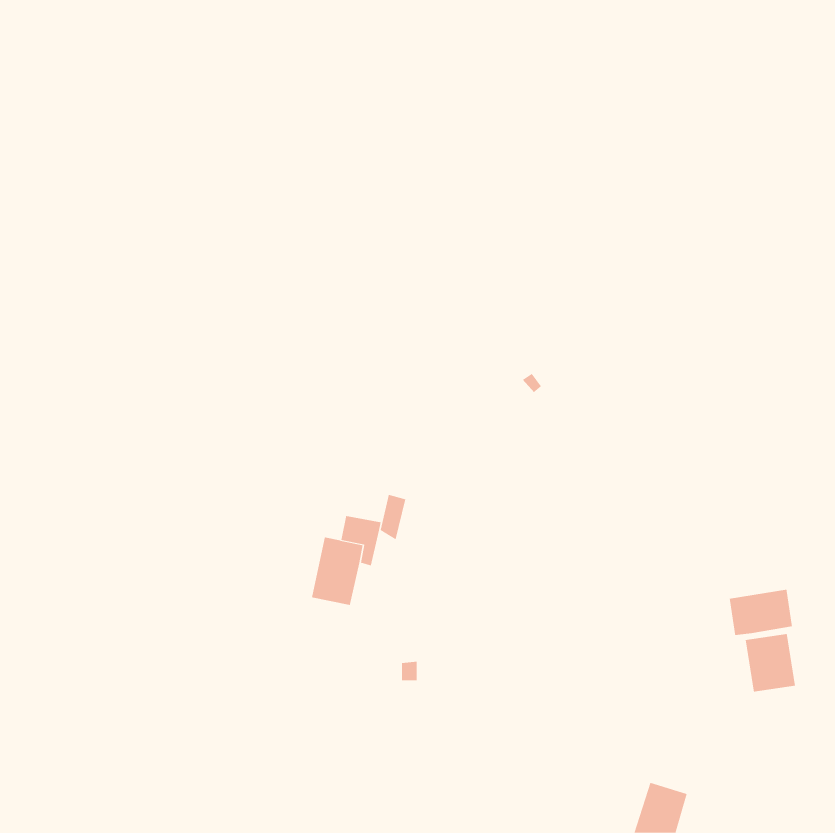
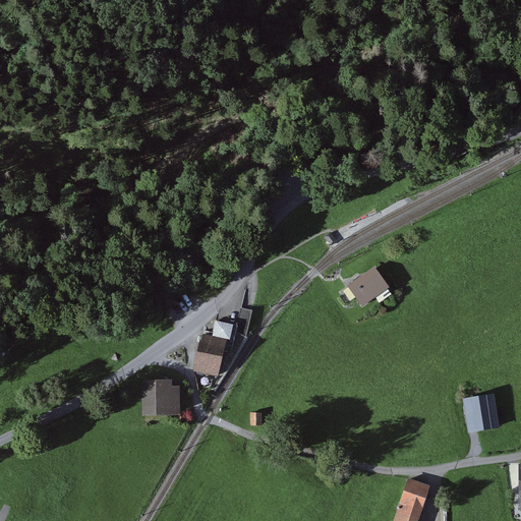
building: none -> [348,268,388,304]
building: [729,589,792,636] -> none
building: none -> [141,381,179,416]

